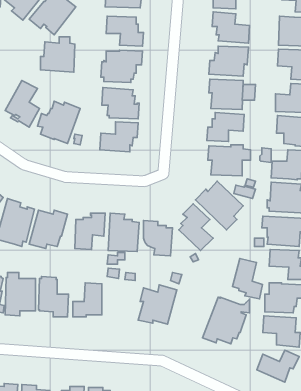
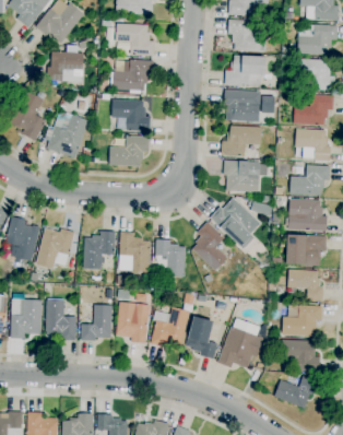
building: [233,258,263,299] -> [186,316,217,358]
building: none -> [116,302,150,343]

